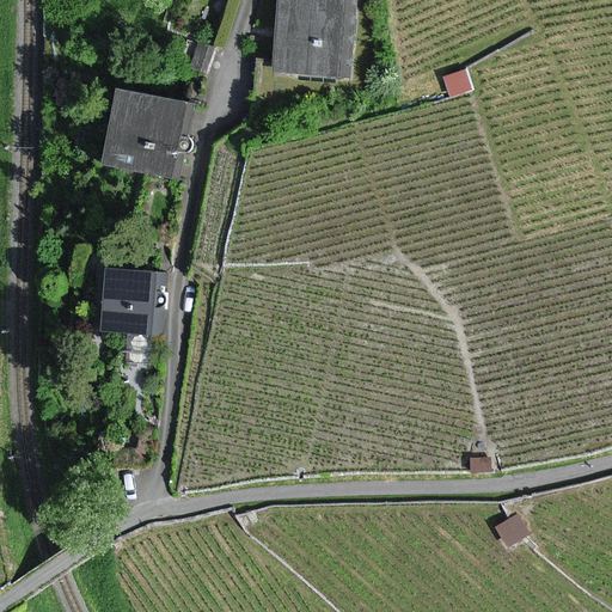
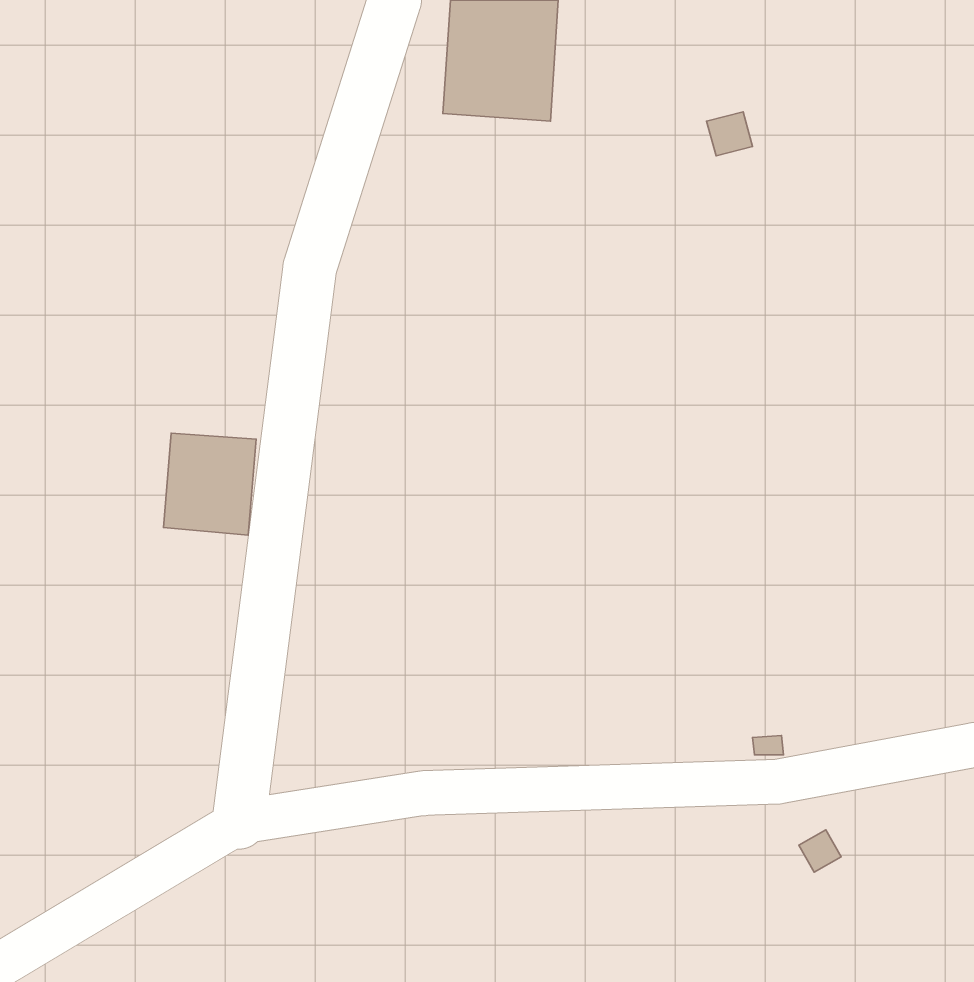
building: [106,88,189,175] -> none

